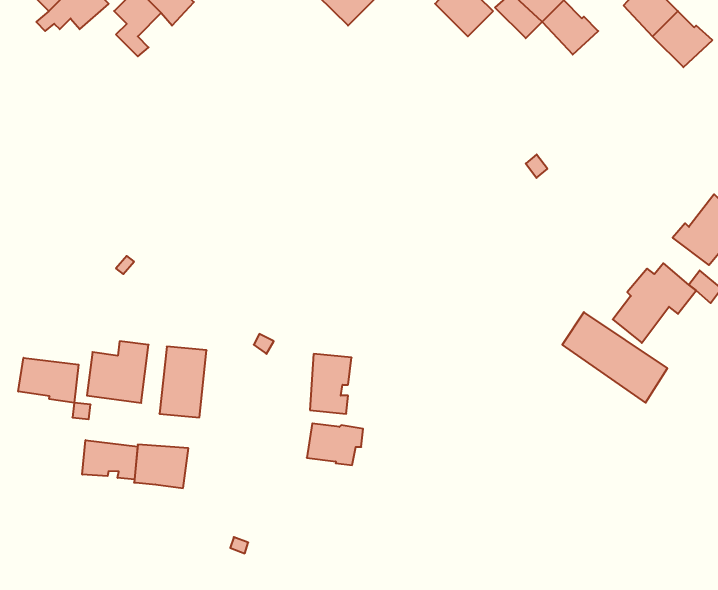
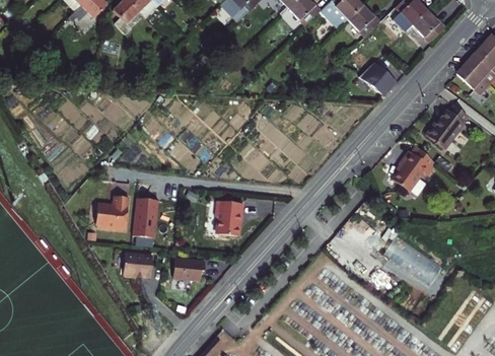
building: none -> [362,64,397,97]
building: [562,312,667,403] -> [383,233,442,284]
building: [18,358,79,403] -> none
building: [307,423,363,465] -> [171,257,203,280]
building: [82,440,137,479] -> none

